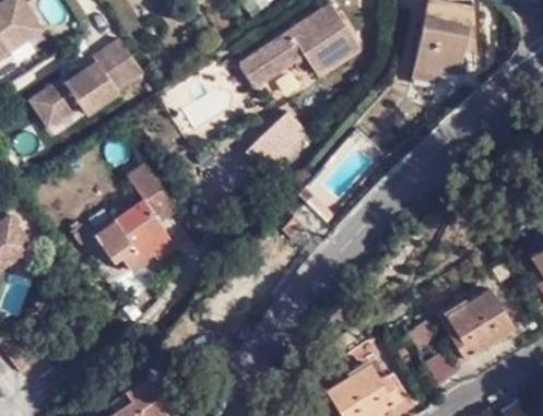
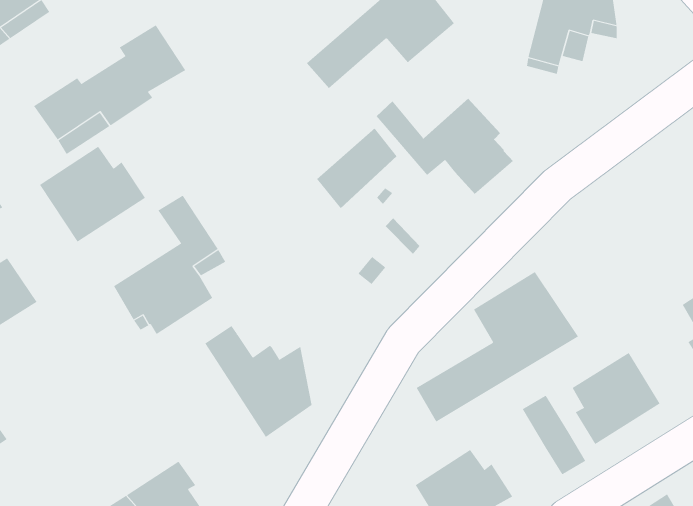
building: none -> [376,98,514,195]
building: none -> [39,146,146,242]
building: none -> [416,271,579,423]
building: none -> [204,325,312,438]

